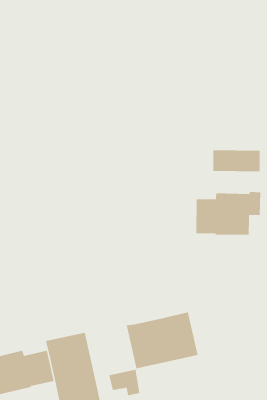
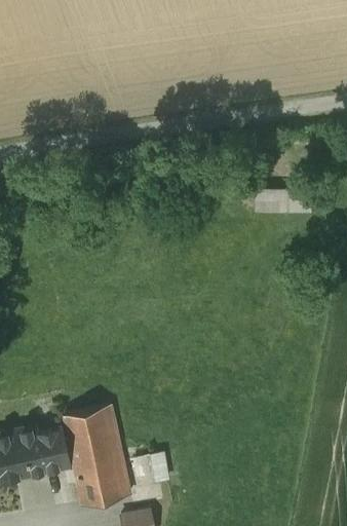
building: [196,191,261,236] -> none
building: [126,311,198,369] -> none

